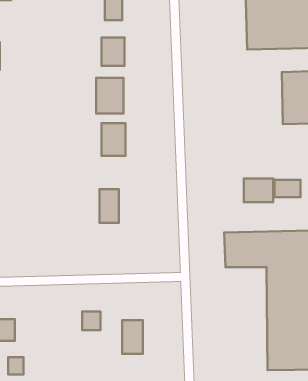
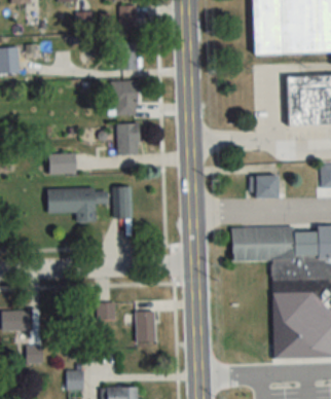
building: none -> [49,154,76,175]
building: [274,180,300,197] -> none
building: none -> [48,187,108,222]

